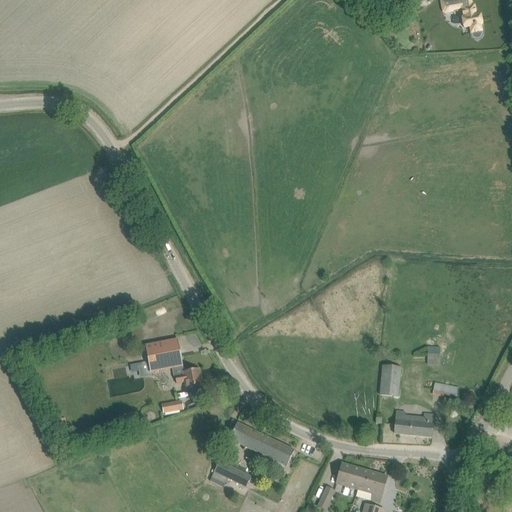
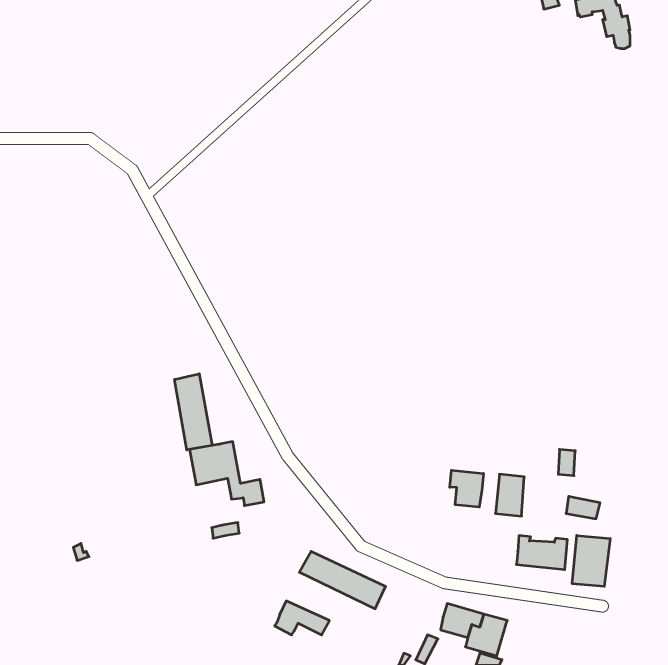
building: none -> [175,374,212,450]
building: none -> [450,470,483,507]
building: none -> [572,535,610,586]

